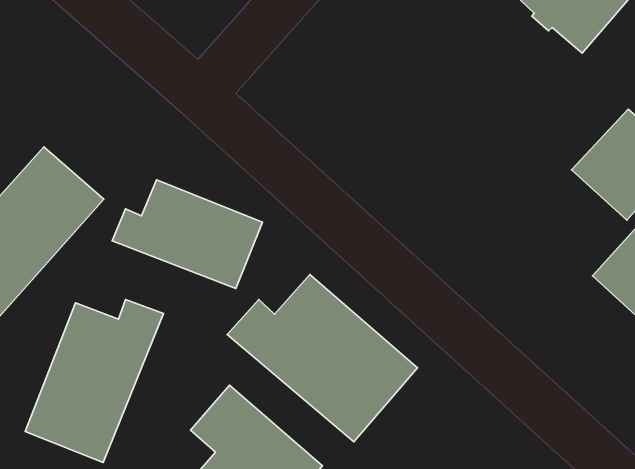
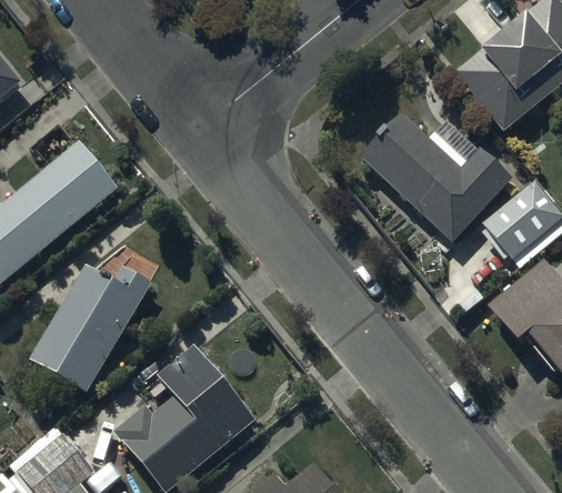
building: none -> [362,112,513,242]
building: [112,180,262,289] -> none
building: [227,274,417,442] -> none

